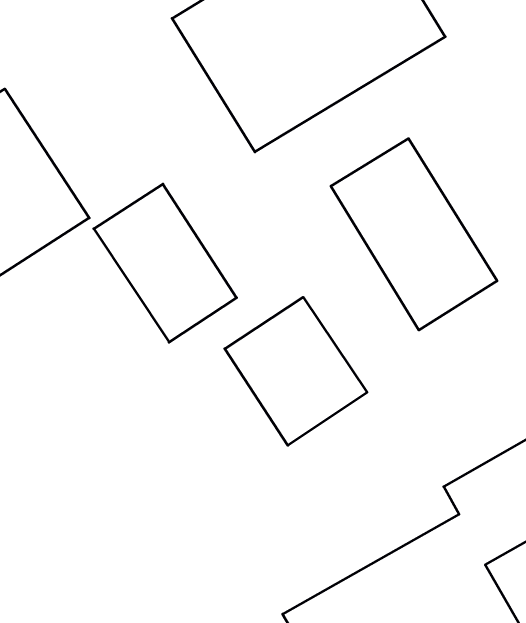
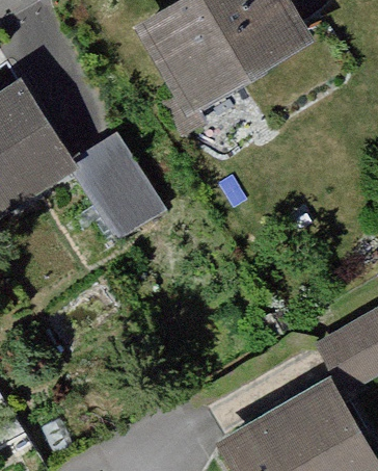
building: [331,139,497,330] -> none
building: [225,297,367,445] -> none

